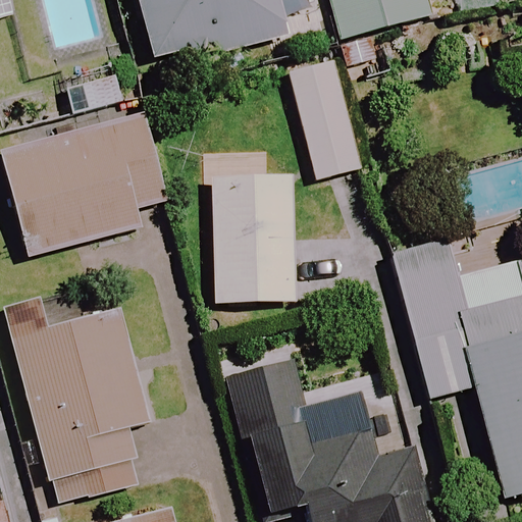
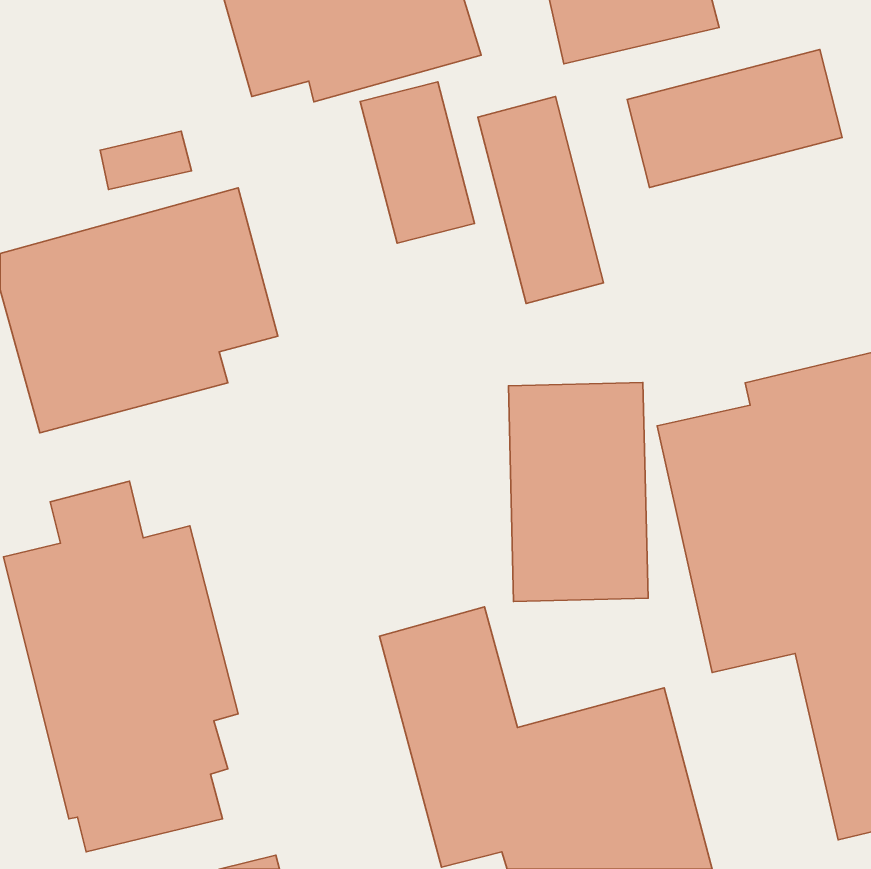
building: none -> [627,49,842,188]
building: none -> [360,82,475,243]
building: [213,173,296,303] -> [508,382,648,601]

